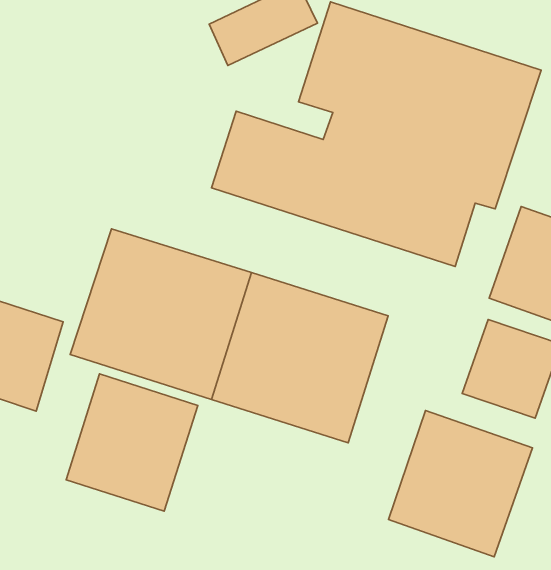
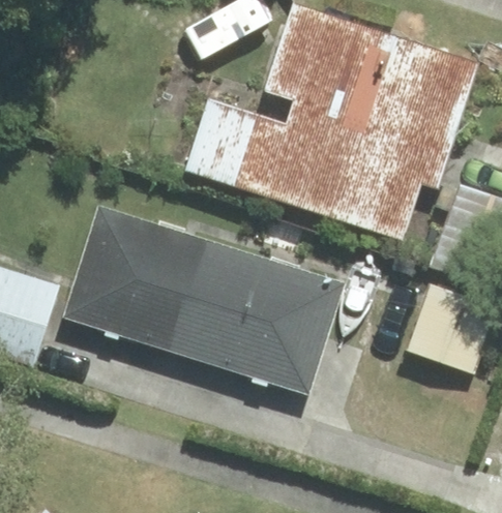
building: [66,374,198,511] -> none
building: [388,410,533,557] -> none

